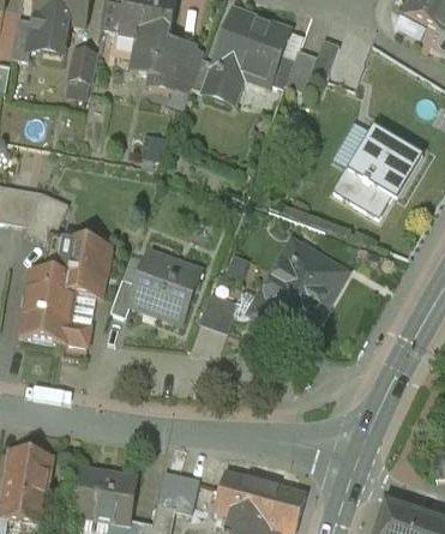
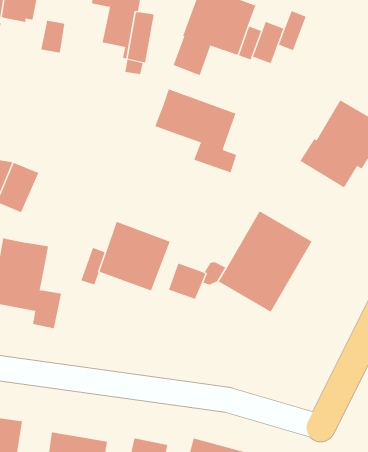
building: [176,42,204,91] -> none
building: none -> [155,89,237,173]
building: [49,234,110,296] -> none

